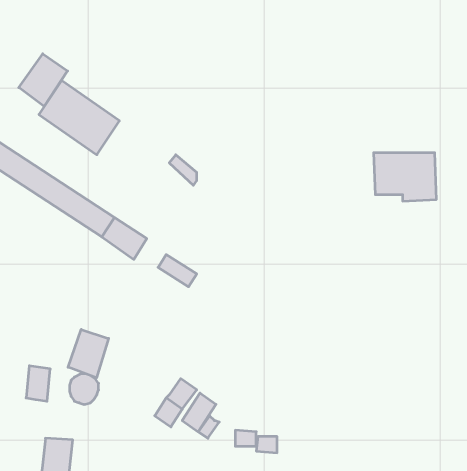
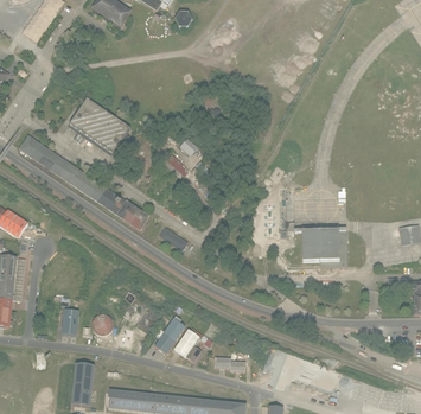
building: [19,54,68,106] -> none
building: [374,153,436,201] -> [299,230,345,266]
building: [68,329,109,378] -> none

